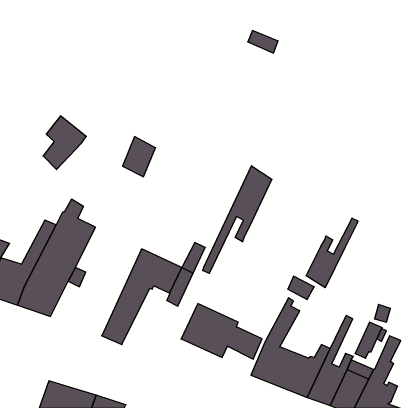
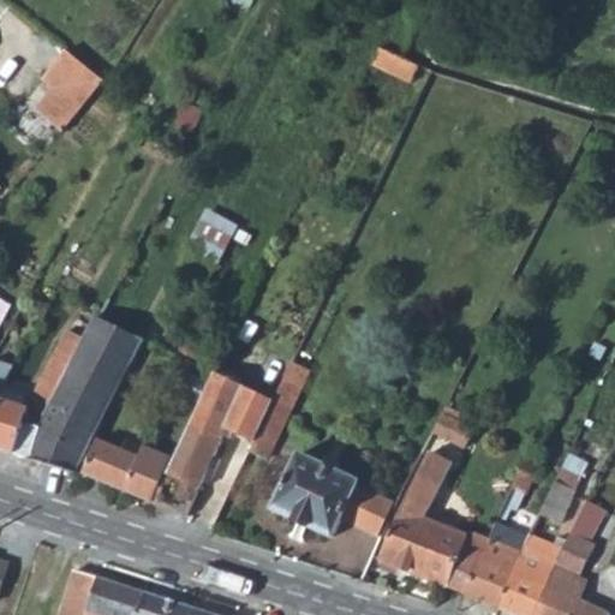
building: [43,116,86,170] -> [38,52,103,132]
building: [203,166,272,273] -> none
building: [306,218,358,288] -> none
building: none -> [82,440,168,501]

